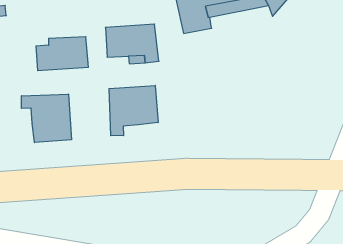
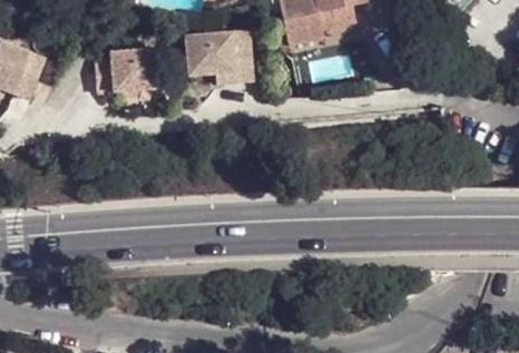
building: [109,85,158,136] -> none
building: [21,94,71,143] -> none

